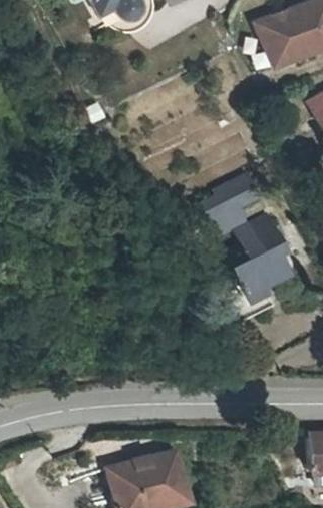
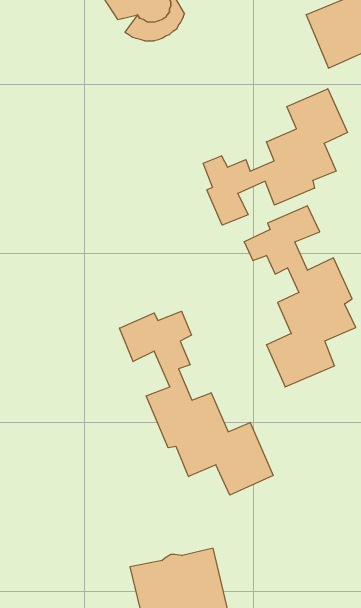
building: none -> [203,89,347,225]
building: none -> [119,311,273,495]

